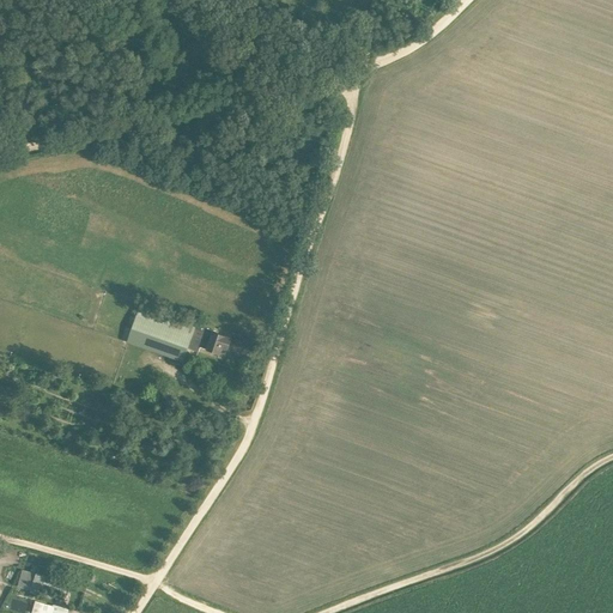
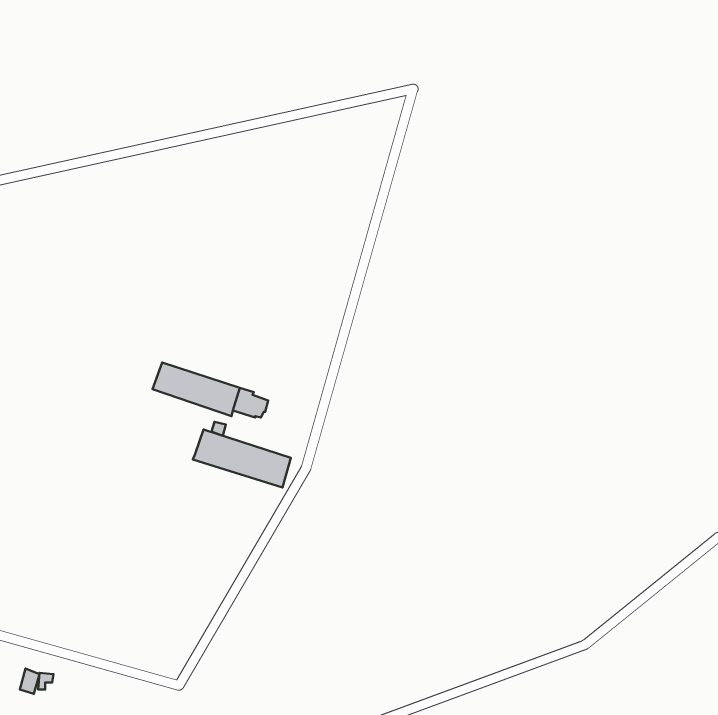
building: none -> [193,429,291,488]

